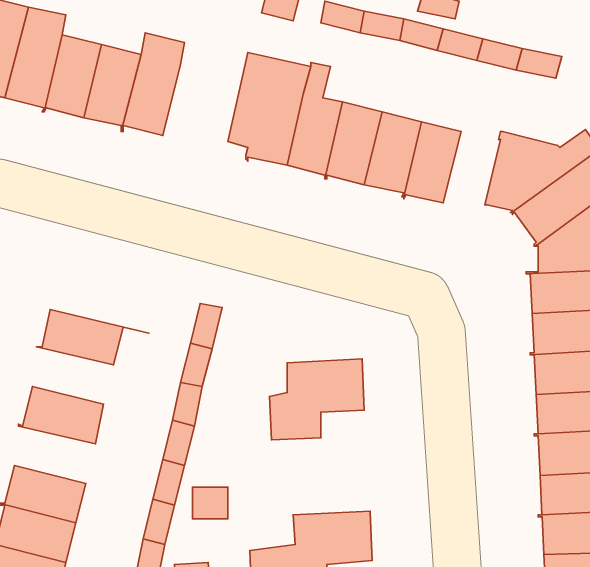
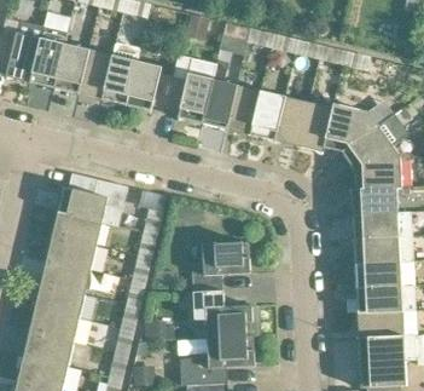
building: none -> [126,62,173,114]
building: none -> [297,103,332,155]
building: none -> [57,173,127,226]
building: none -> [46,235,95,270]
building: none -> [35,283,85,318]
building: none -> [192,291,260,338]

